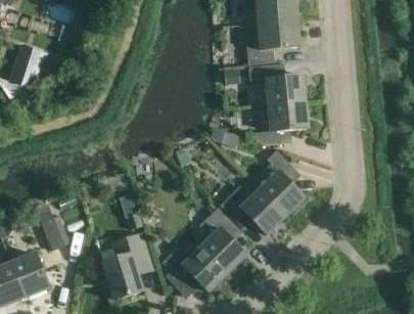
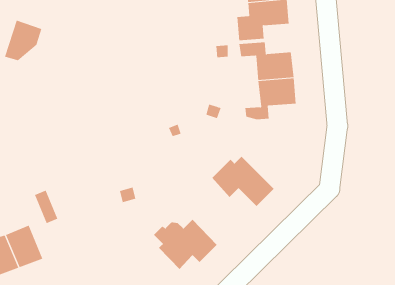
building: [251,149,305,215] -> none
building: [200,207,246,272] -> none
building: [102,233,151,299] -> none

